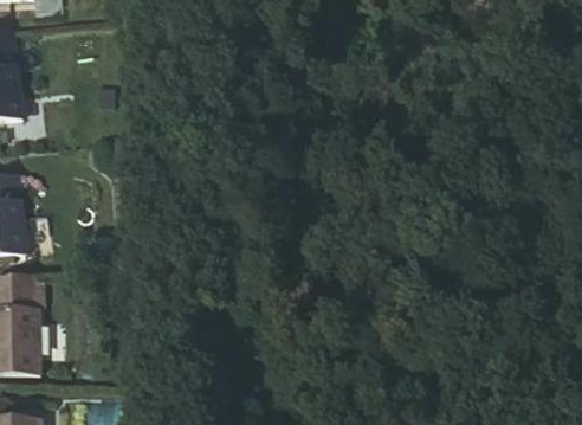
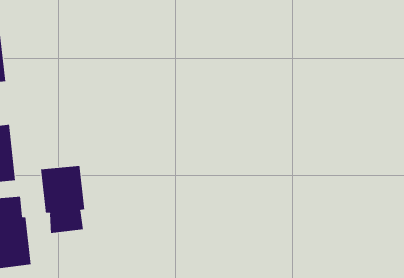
building: none -> [41,165,85,234]

